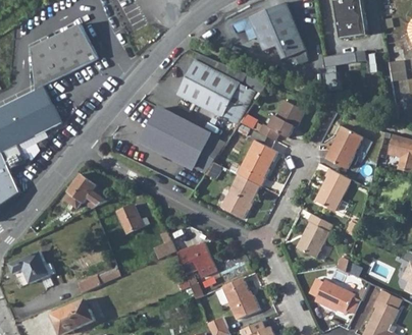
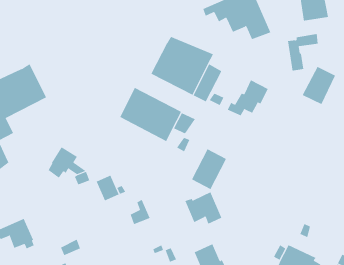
building: [35,22,99,89] -> none
building: [325,127,362,169] -> [302,66,336,105]
building: [235,141,276,187] -> none
building: [315,168,350,211] -> none
building: [297,214,332,259] -> none
building: [176,242,217,278] -> [184,192,222,225]

